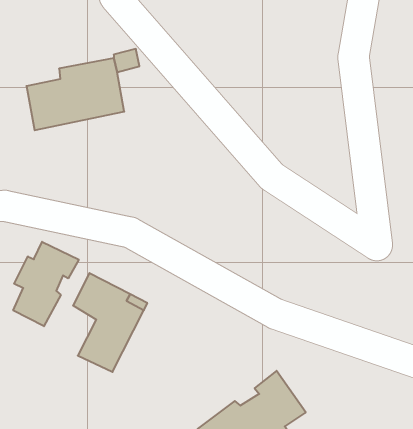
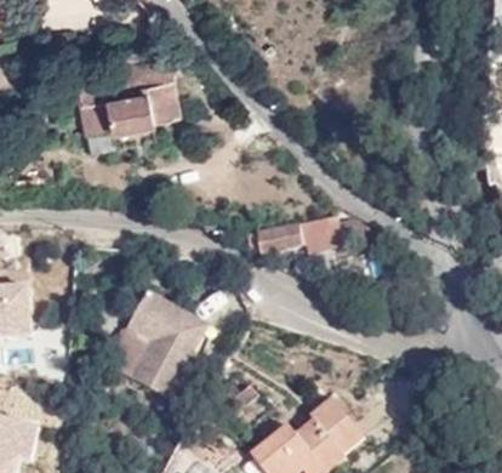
building: none -> [258,216,341,256]
building: [13,242,79,326] -> none

